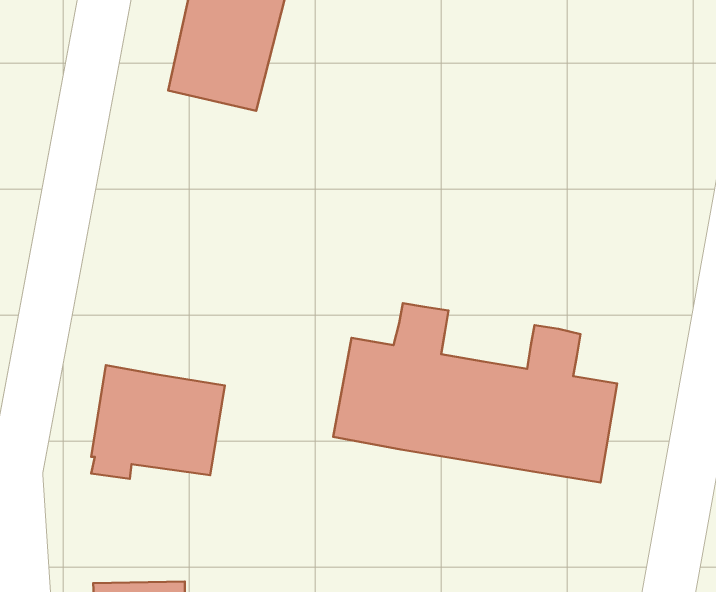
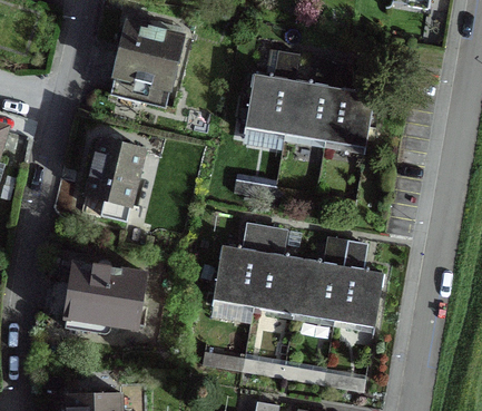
building: none -> [244,51,375,154]
building: none -> [86,138,145,222]

